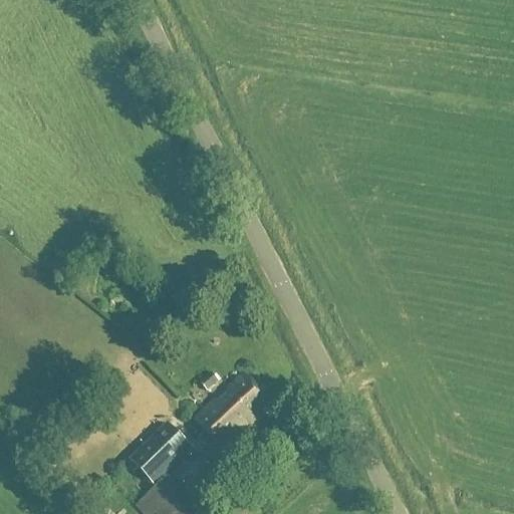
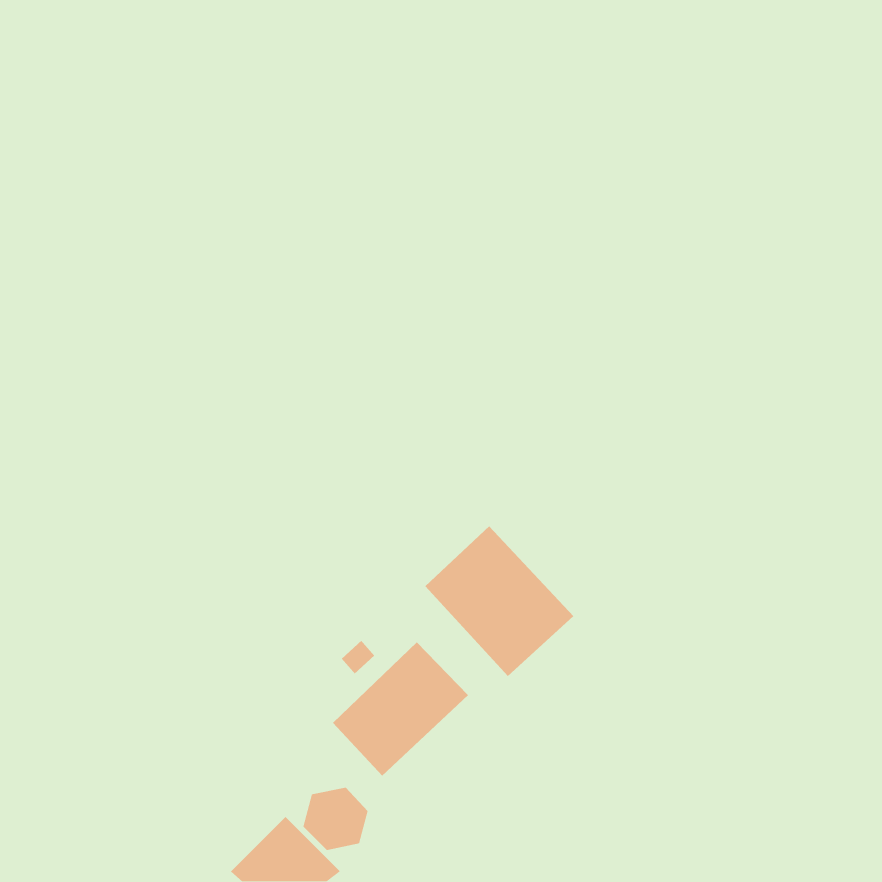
building: none -> [425,525,574,677]
building: [130,424,190,484] -> none

